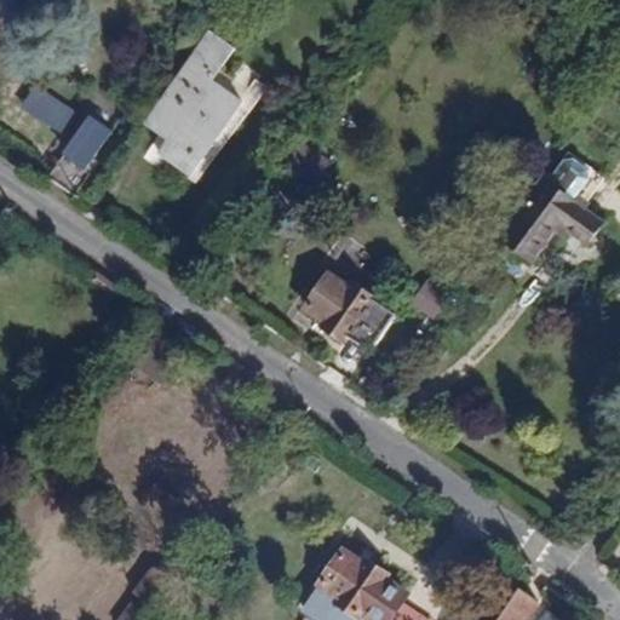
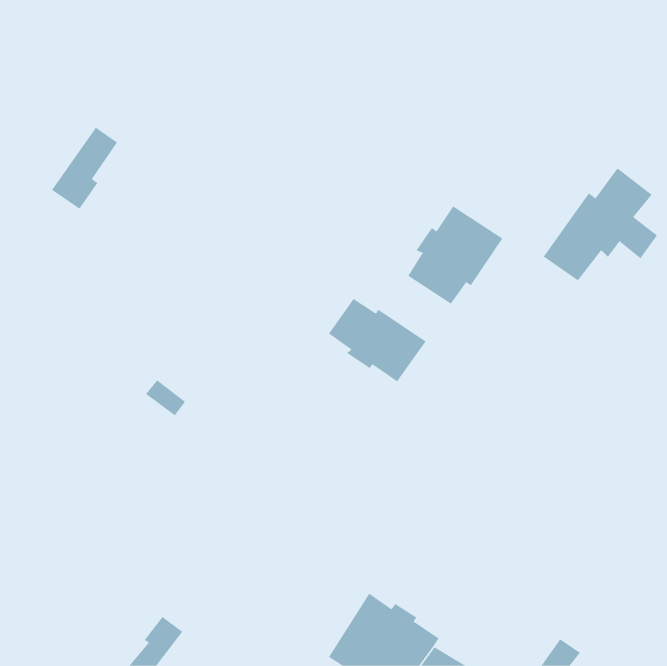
building: [144,34,239,177] -> none
building: [19,81,76,133] -> none
building: none -> [407,206,503,304]

